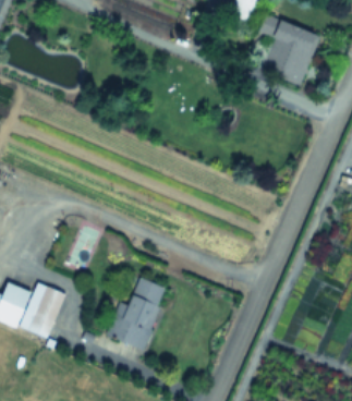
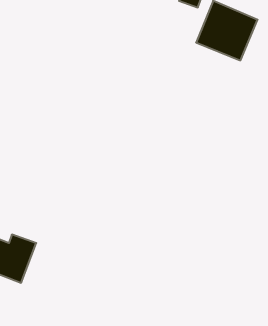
building: [106,279,166,350] -> none

